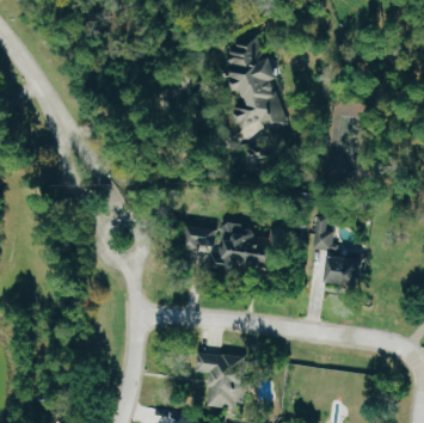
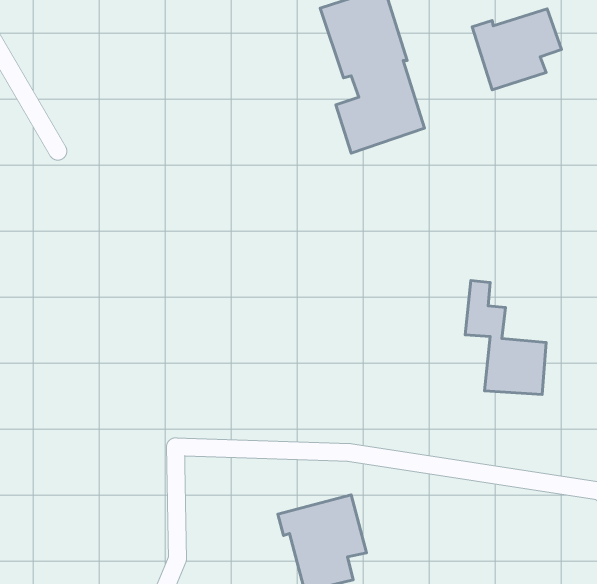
building: none -> [472,9,561,90]
building: [180,223,276,270] -> none

